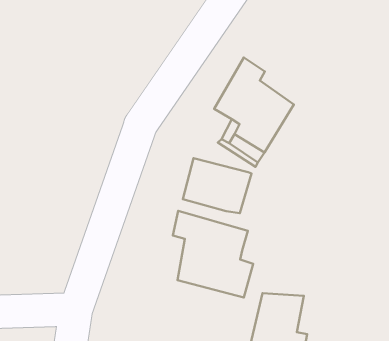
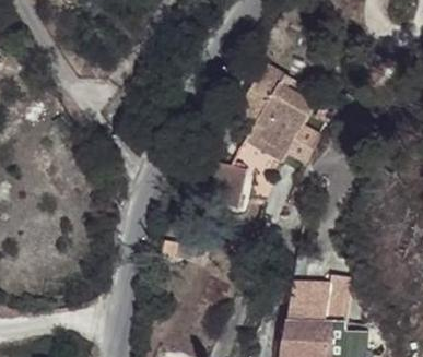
building: [173,211,253,297] -> none

